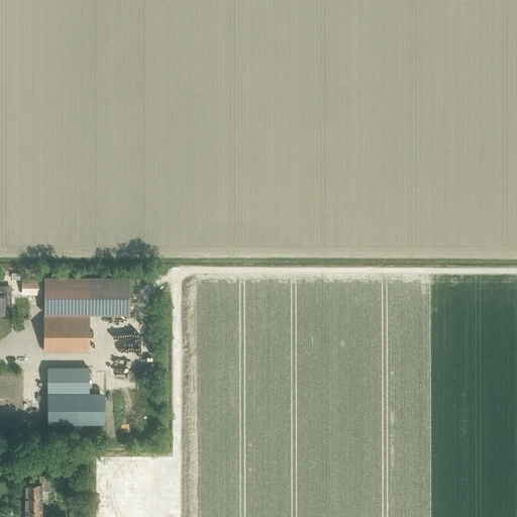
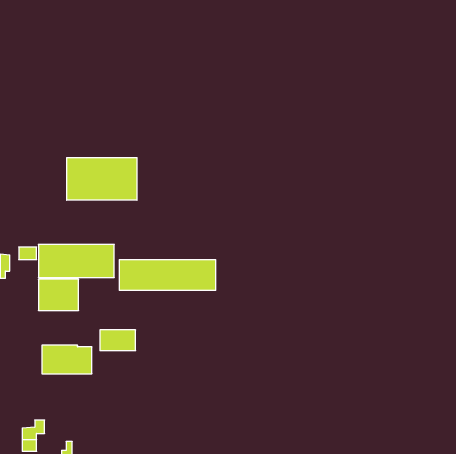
building: none -> [67,158,137,200]
building: none -> [119,260,216,290]
building: [47,370,88,393] -> [100,330,136,351]

